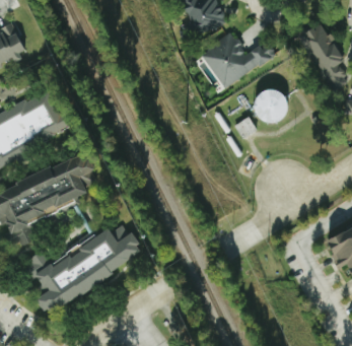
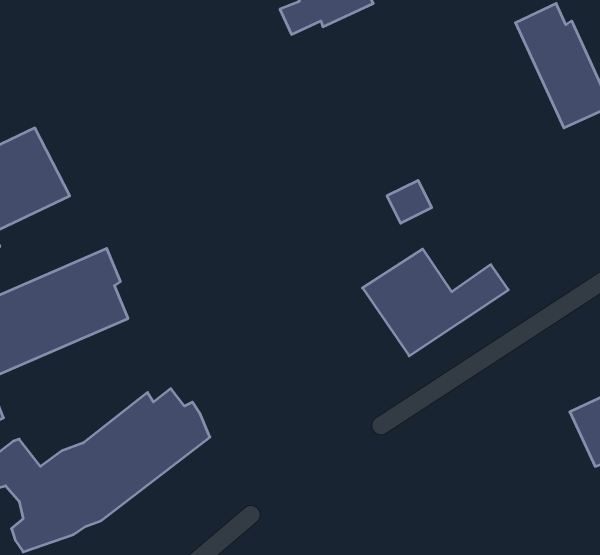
building: [200,31,276,87] -> [362,249,508,356]
building: [248,83,292,127] -> none

